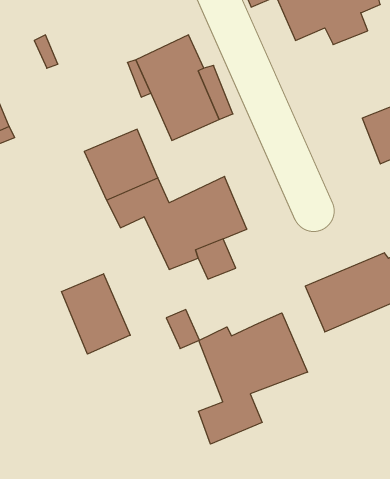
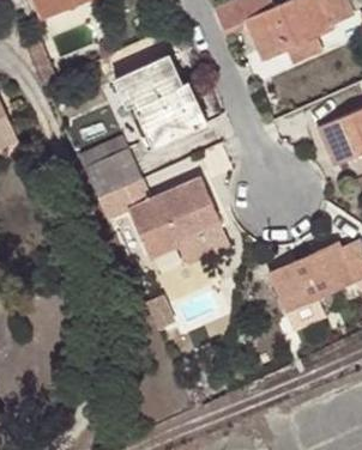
building: [62,274,130,354] -> none
building: [199,313,308,444] -> none

